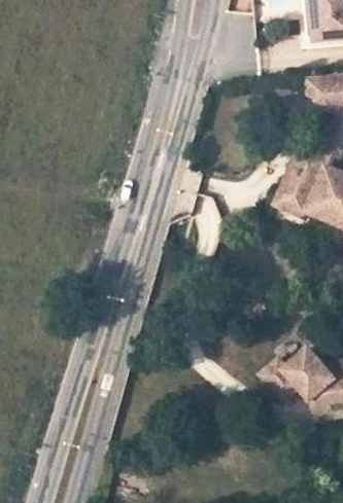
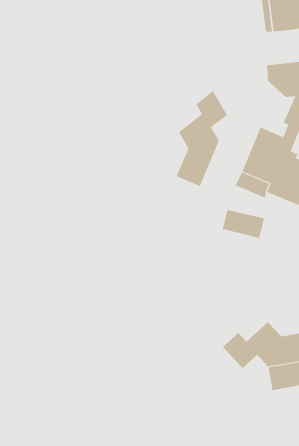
building: none -> [176,90,228,187]
building: none -> [222,209,264,239]

